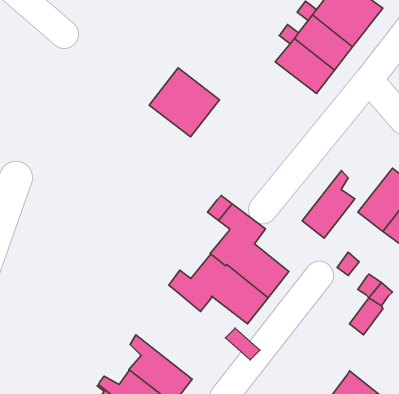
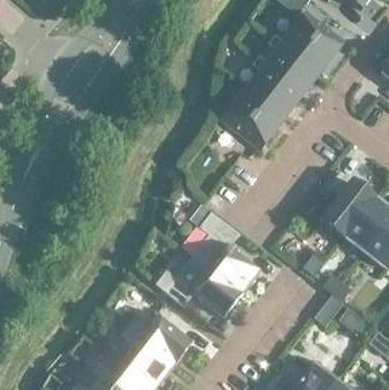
building: [149,68,220,137] -> [222,86,284,147]
building: [302,171,355,238] -> none
building: none -> [125,312,191,365]

